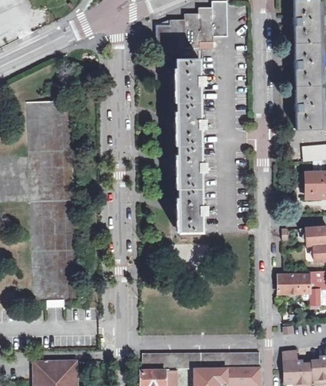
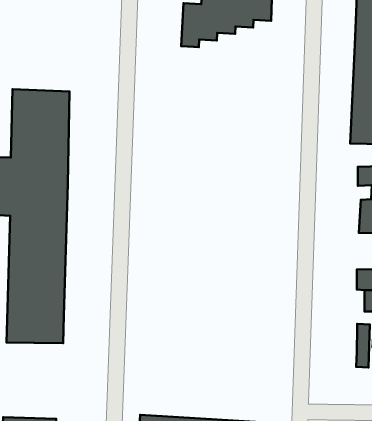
building: [175,59,206,232] -> none
building: [278,274,310,294] -> none

